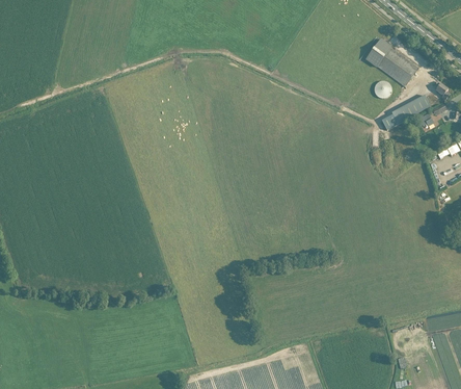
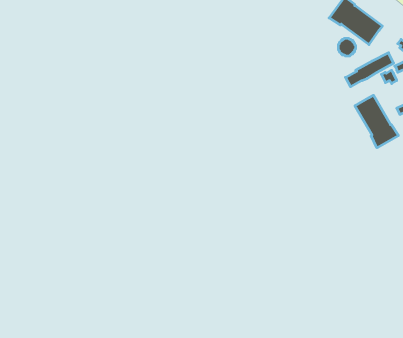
building: none -> [355,95,398,148]

